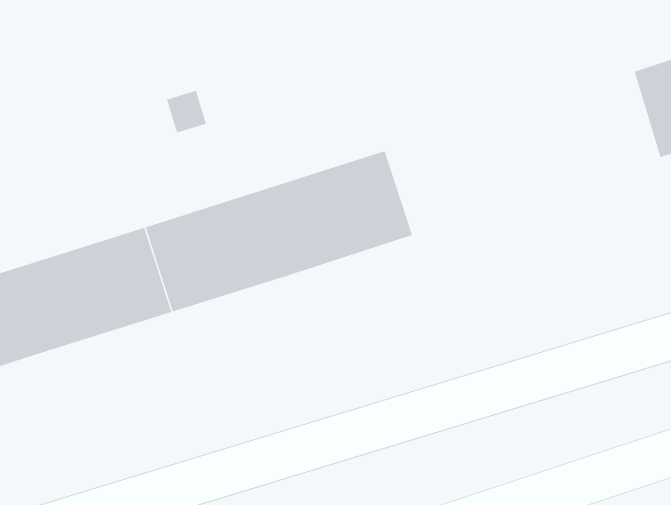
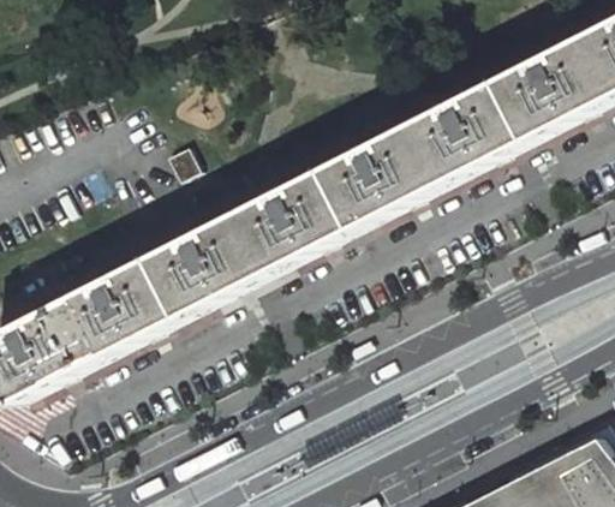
building: none -> [340,71,547,221]

